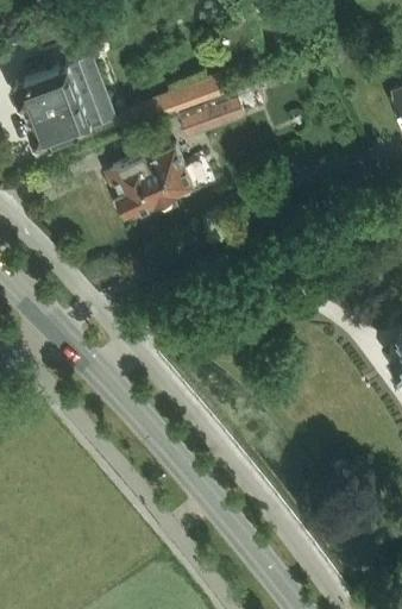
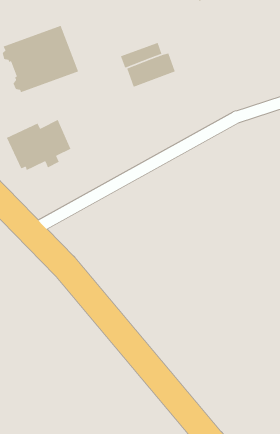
building: [103,145,191,215] -> [6,119,72,171]

